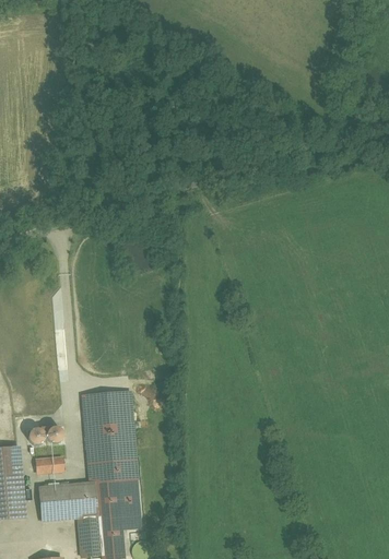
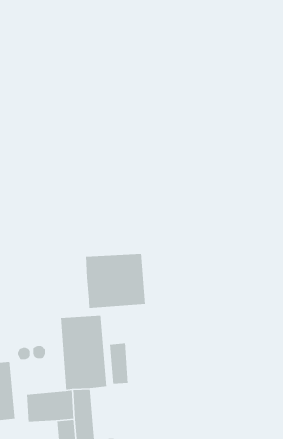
building: none -> [85,253,146,309]
building: [35,456,64,475] -> none
building: [118,478,142,530] -> [109,342,129,384]

